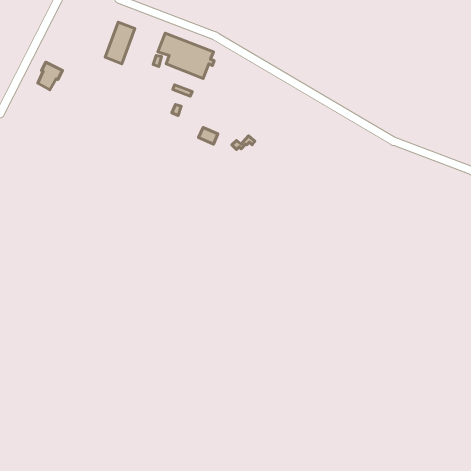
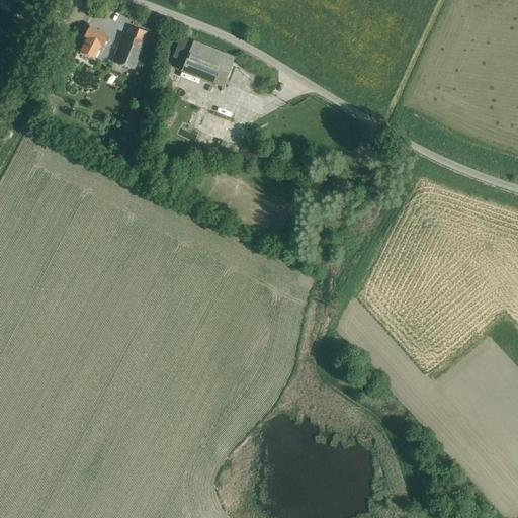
building: [38,62,63,90] -> [83,25,110,56]

